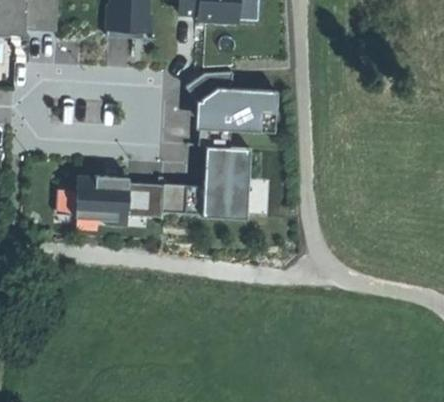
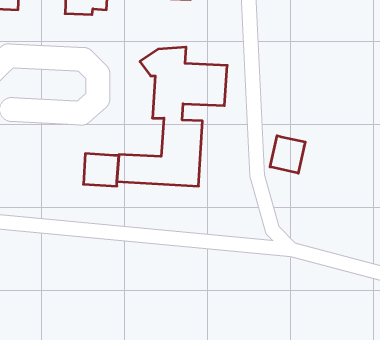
building: none -> [270,136,305,173]
building: [74,176,127,223] -> none

